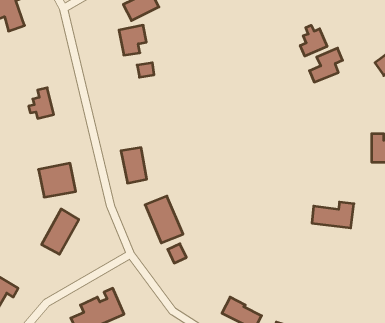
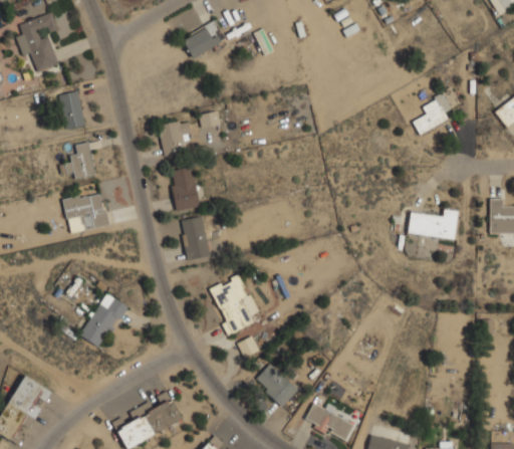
building: [119,25,146,55] -> [158,119,192,156]
building: [300,25,327,56] -> none
building: none -> [59,90,85,130]
building: none -> [168,167,200,211]
building: [38,163,76,197] -> [62,191,108,233]
building: [312,202,354,228] -> [408,208,460,240]
building: none -> [254,364,298,407]

